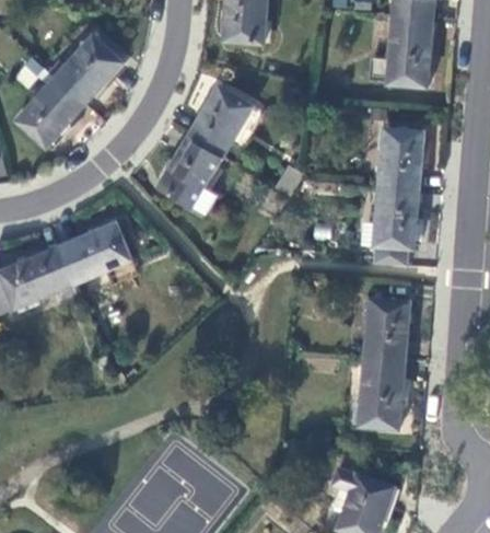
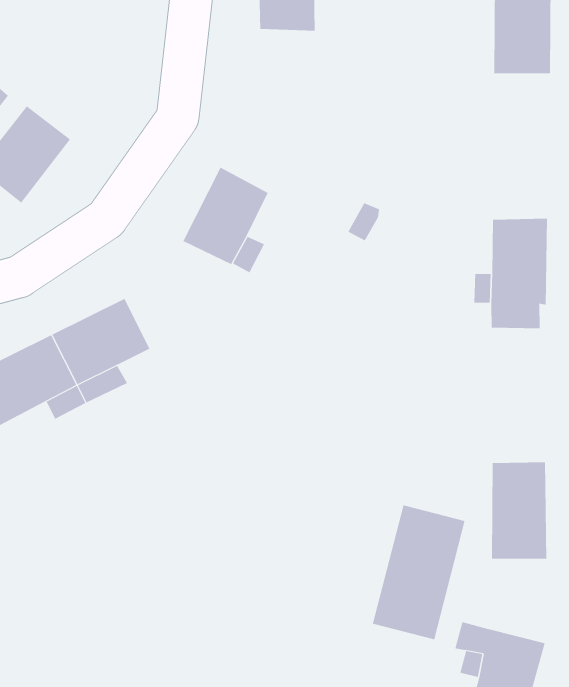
building: [56,35,124,105] -> none
building: [189,84,253,153] -> none
building: [378,126,422,186] -> none
building: [365,297,408,358] -> none
building: none -> [372,505,465,640]

